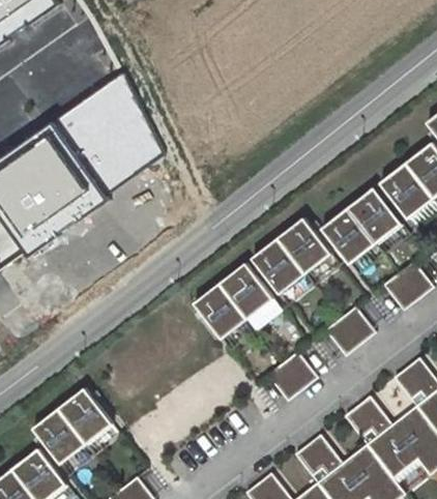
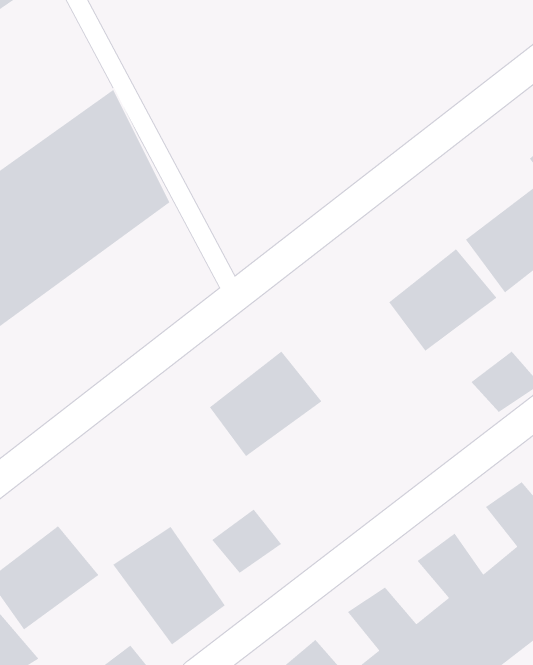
building: [251,215,332,295] -> none
building: [325,305,376,355] -> none
building: [266,352,318,400] -> [211,509,282,574]
building: none -> [112,526,226,645]

